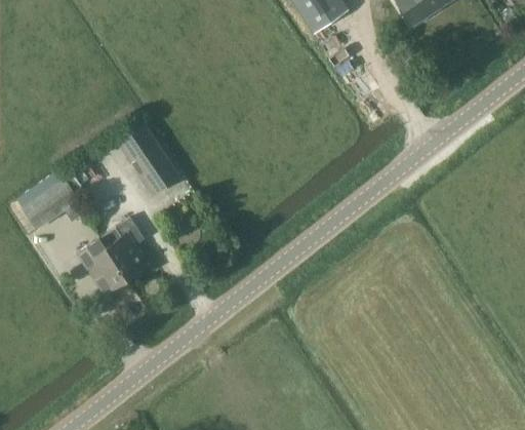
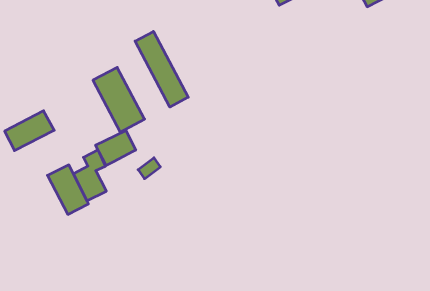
building: none -> [135,31,188,107]
building: none -> [96,130,136,165]

